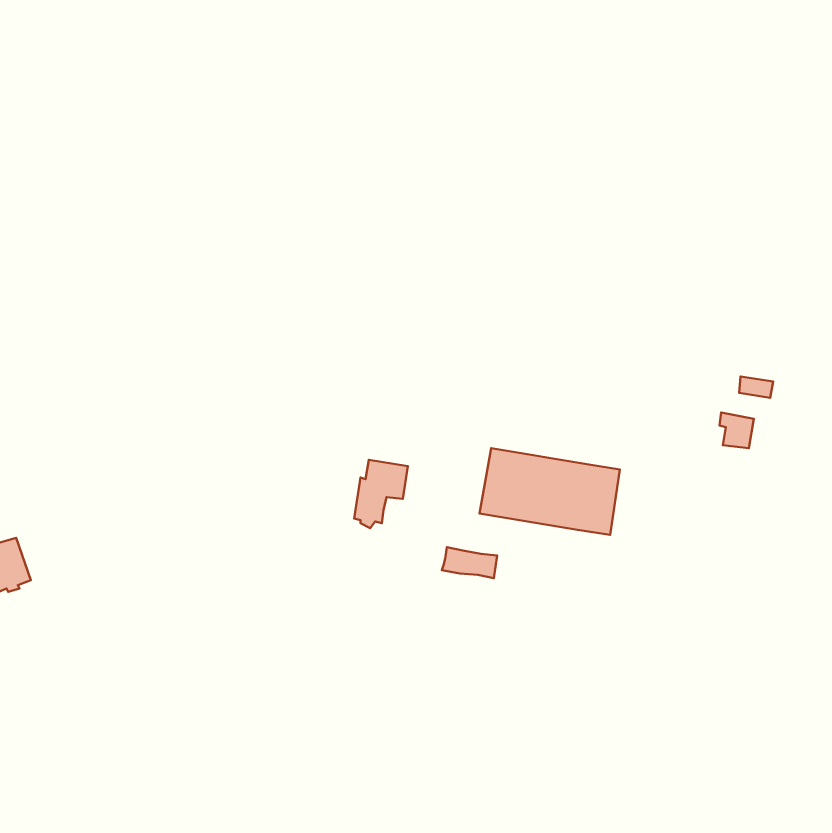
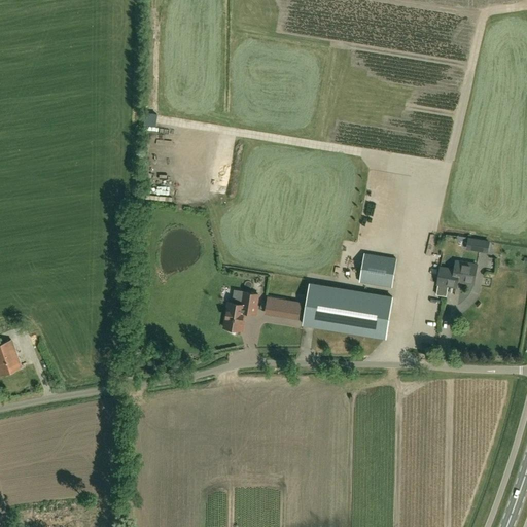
building: none -> [359,253,395,287]
building: none -> [435,267,458,295]
building: [442,547,497,578] -> [265,297,300,317]

